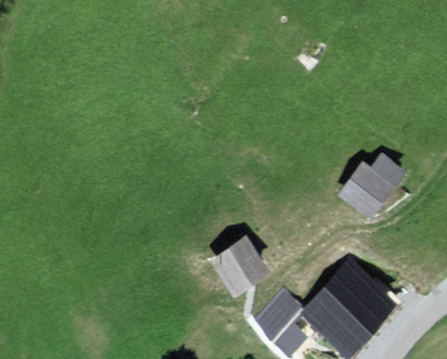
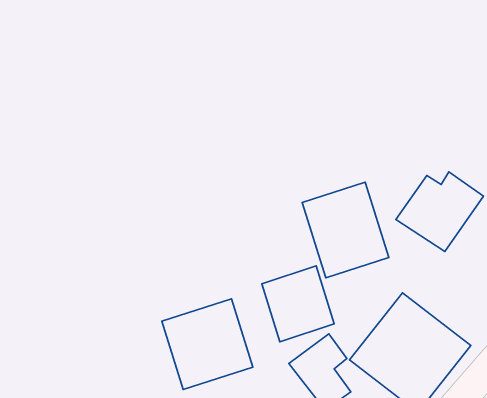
building: none -> [302,182,389,278]
building: none -> [162,299,253,390]

